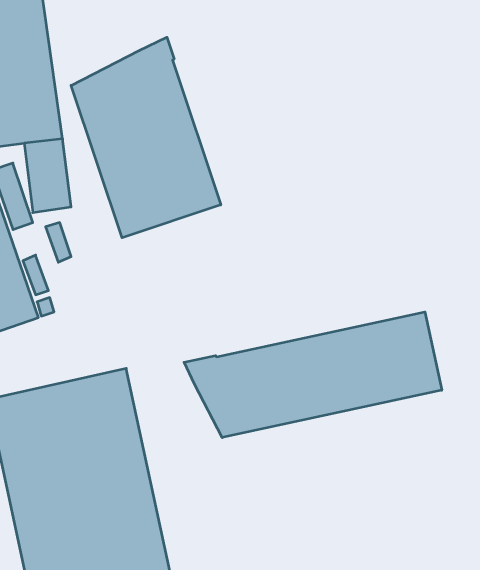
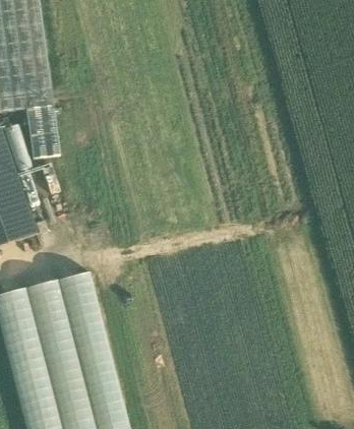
building: [71,37,221,238] -> none
building: [184,312,442,438] -> none

